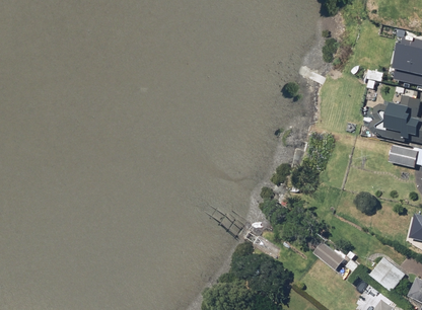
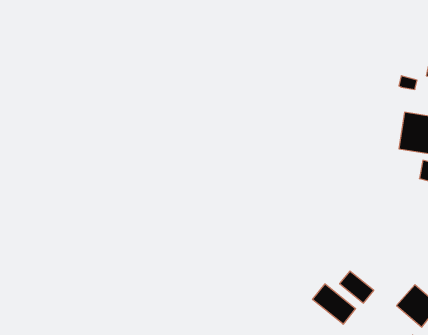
building: none -> [313,284,356,324]

